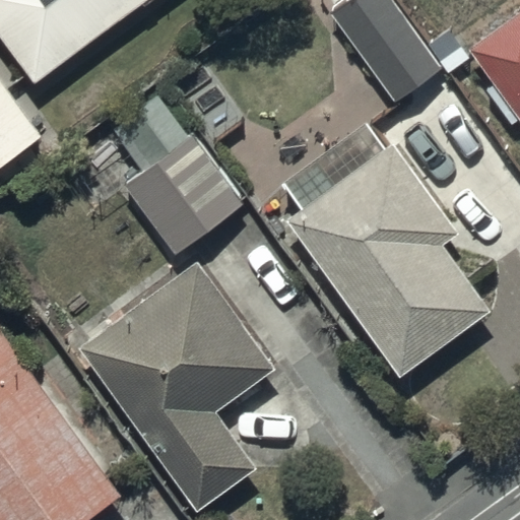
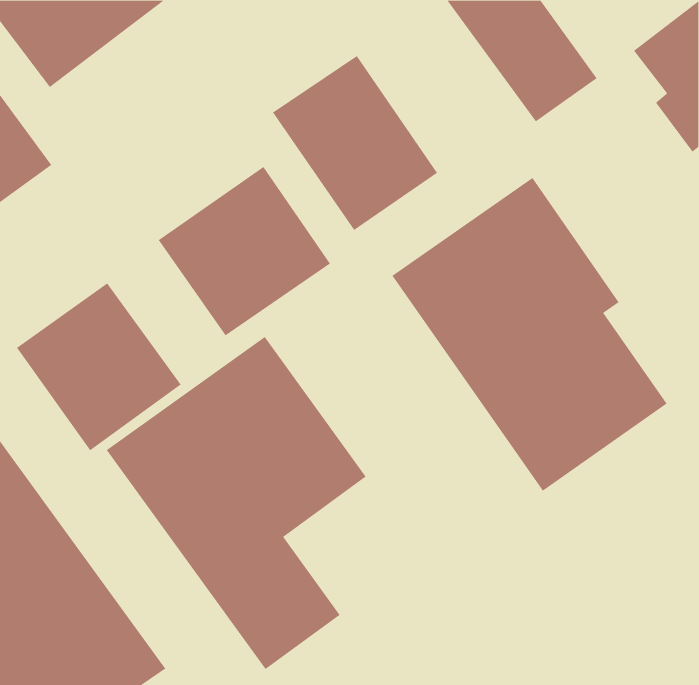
building: none -> [272,55,438,231]
building: none -> [16,283,181,451]

